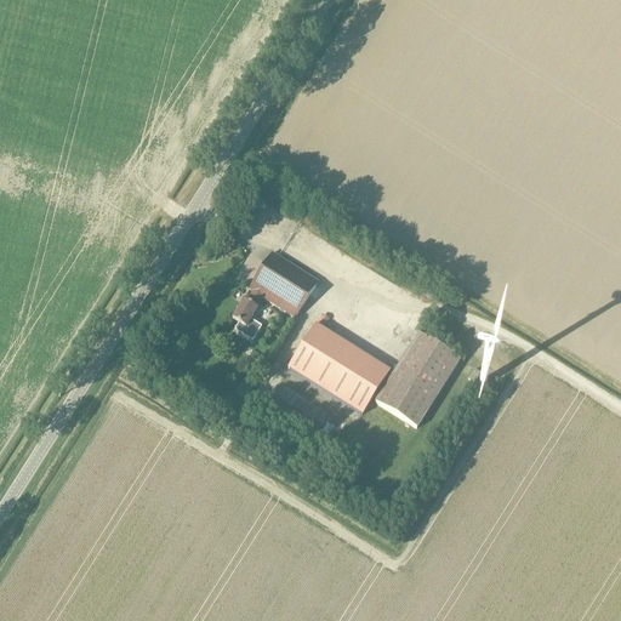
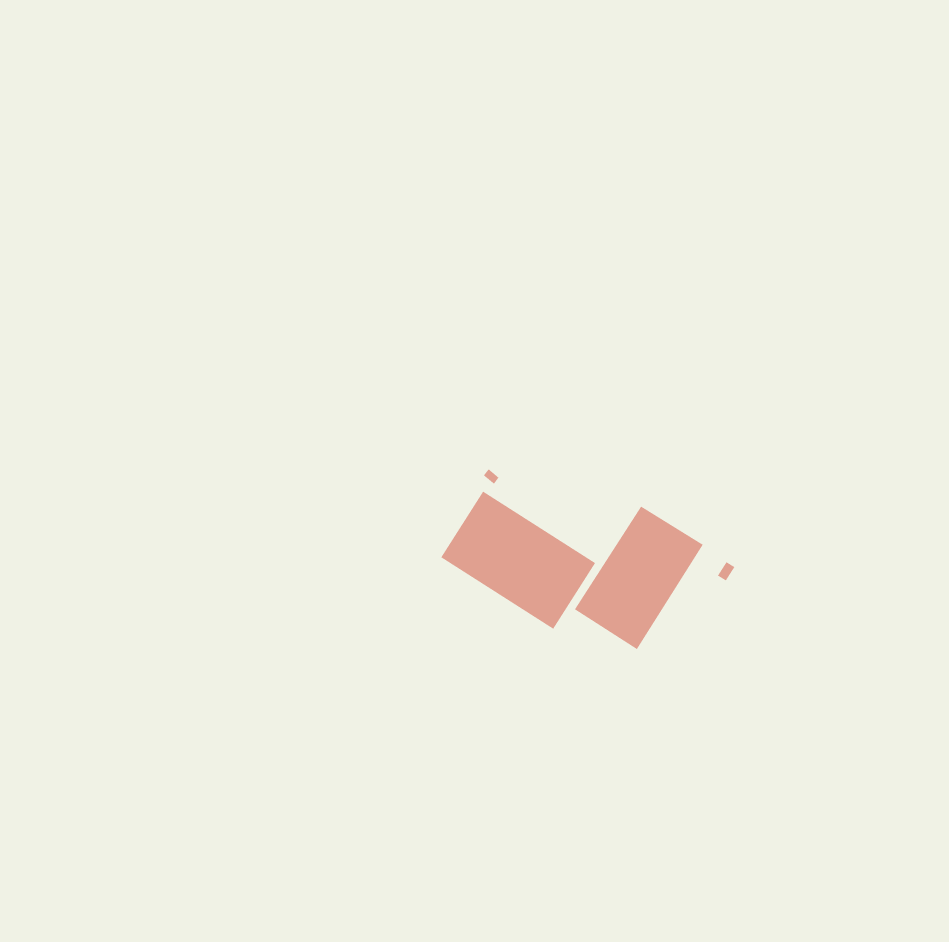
building: [232,250,318,337] -> none

